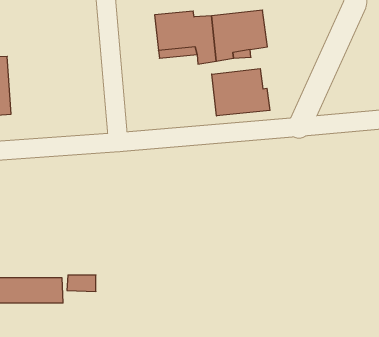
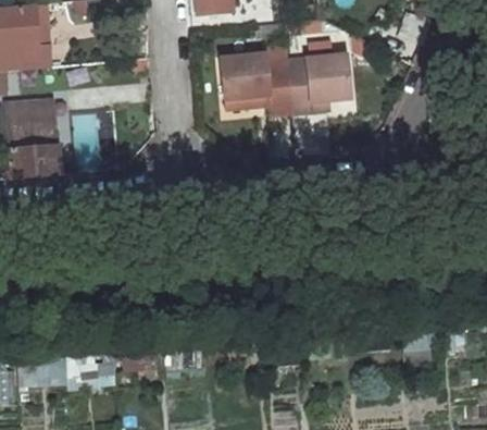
building: [212,69,270,116] -> none

